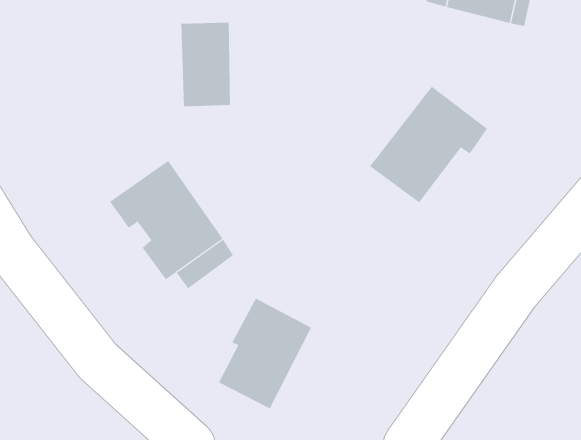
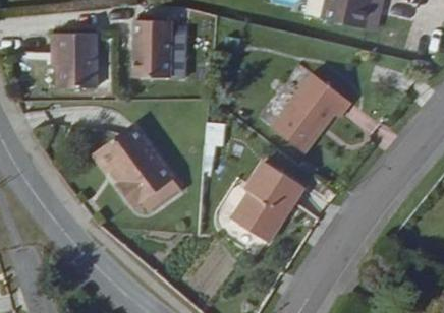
building: none -> [57,37,101,89]
building: [218,298,312,409] -> [235,162,299,238]

